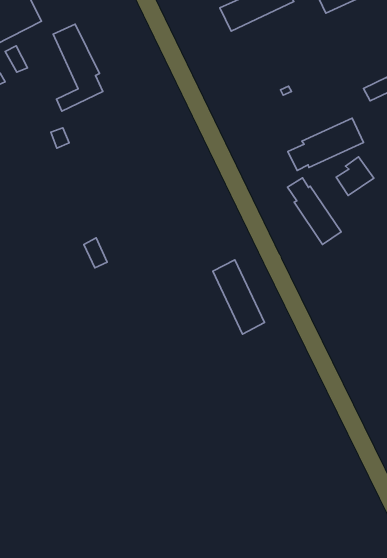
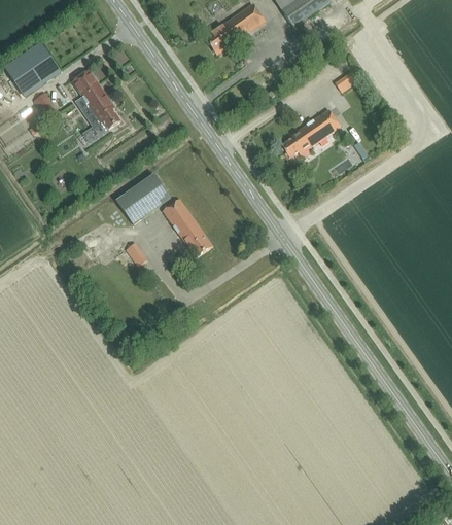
building: none -> [115,172,171,223]
building: [288,178,341,244] -> none
building: [213,260,265,334] -> [163,198,212,257]

